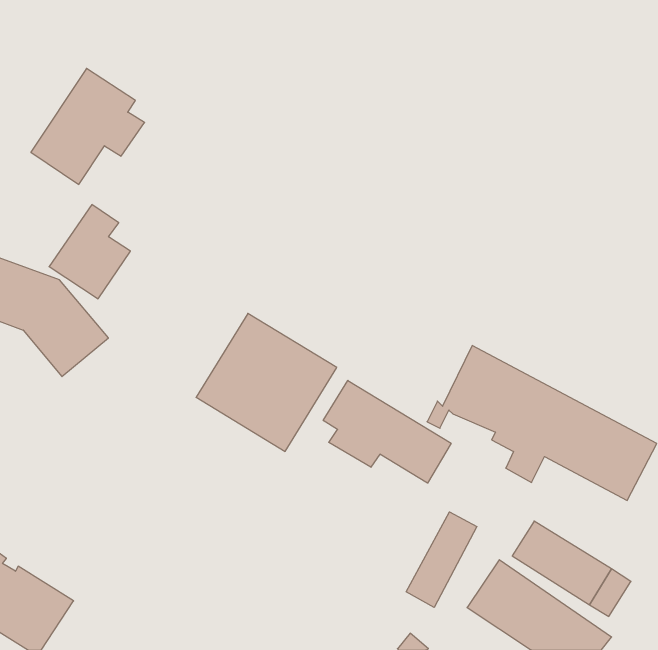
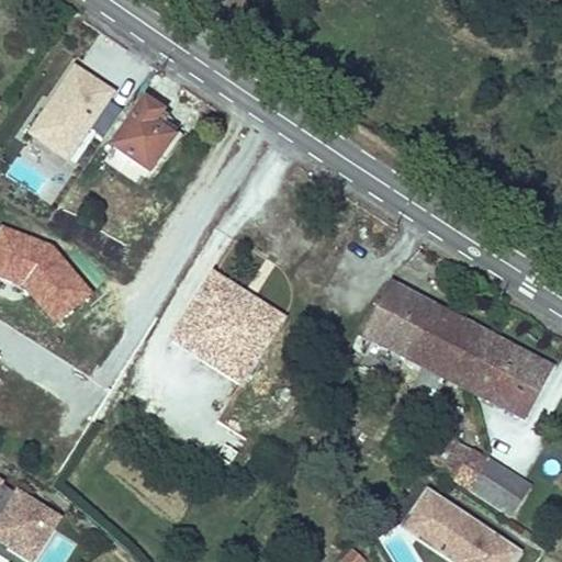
building: [49,205,130,299] -> [108,91,177,171]
building: [323,380,451,483] -> none
building: [406,512,477,607] -> none

